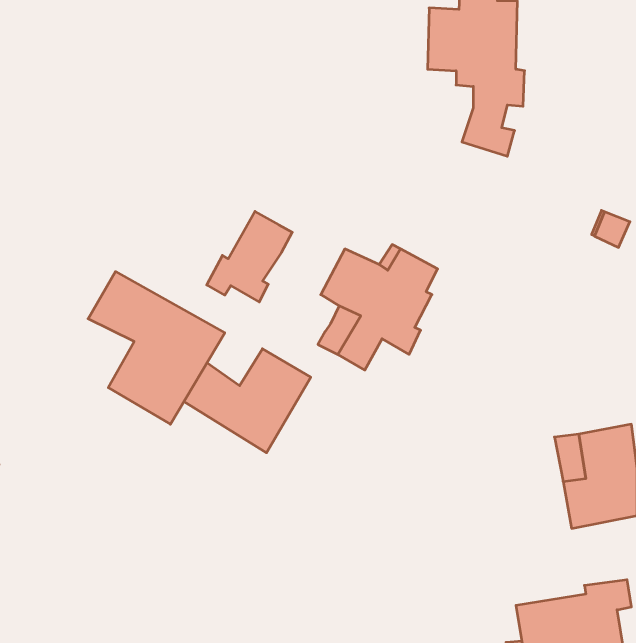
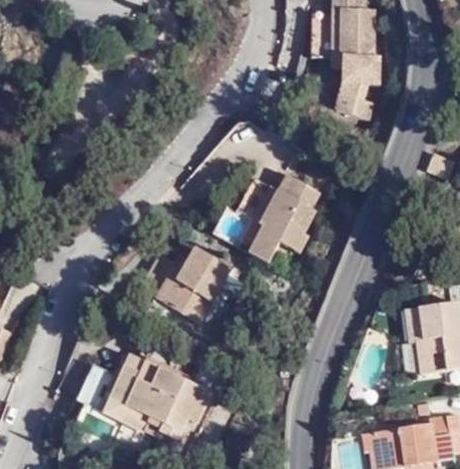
building: [207,211,292,302] -> none
building: [88,272,225,424] -> none
building: none -> [76,355,211,439]

